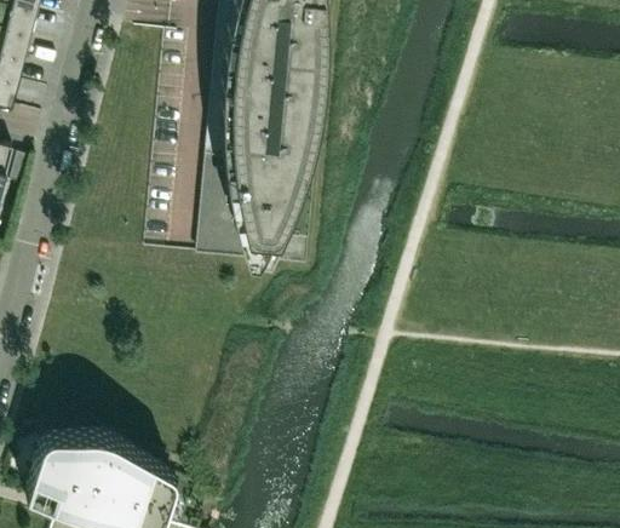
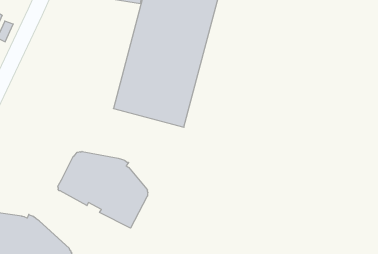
building: none -> [58,151,148,228]

